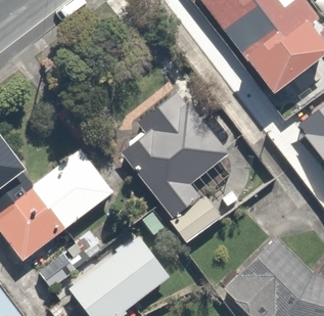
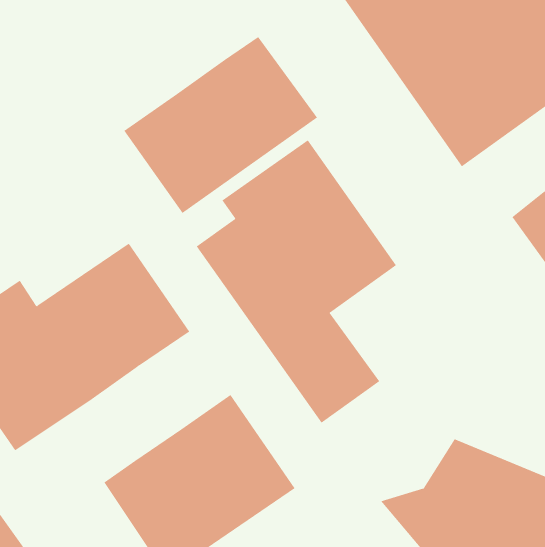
building: none -> [123,36,318,214]

